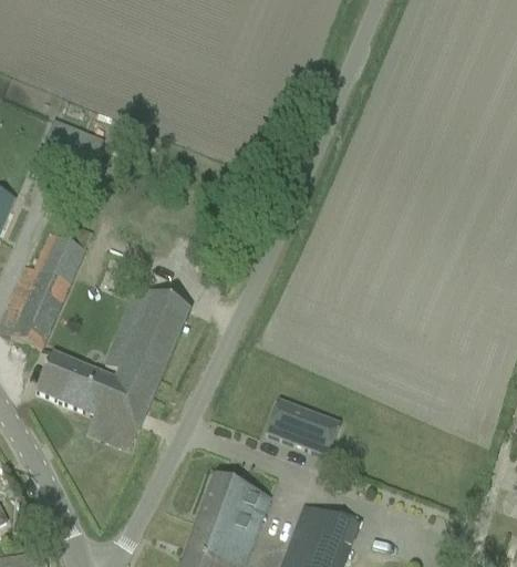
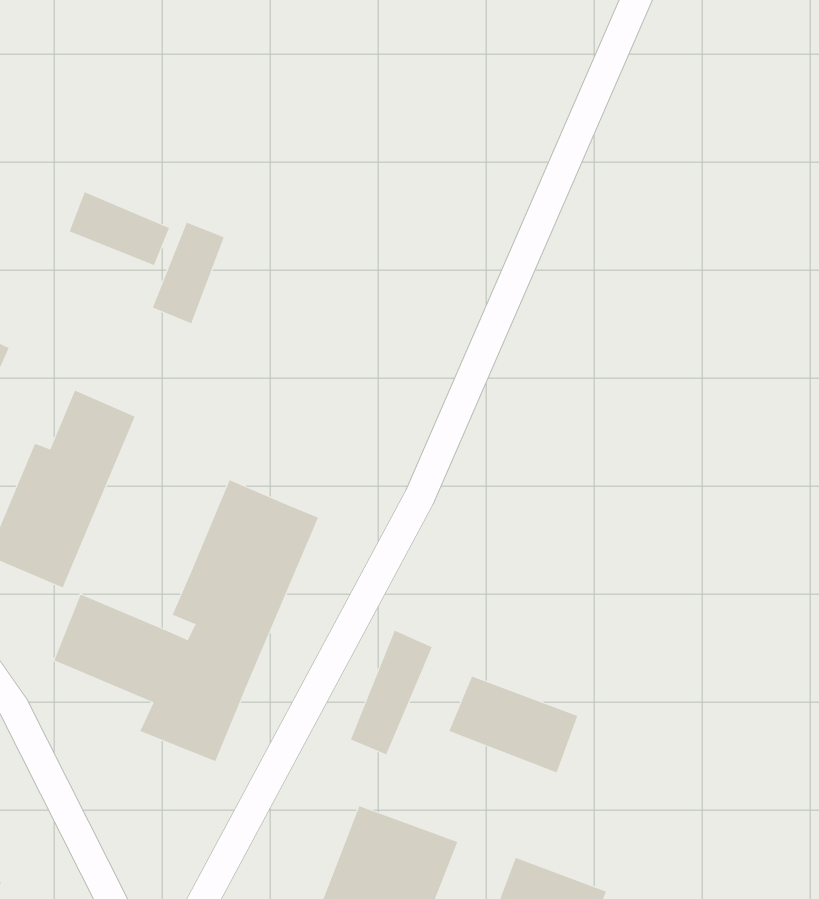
building: none -> [152,222,224,324]
building: none -> [350,630,432,755]

